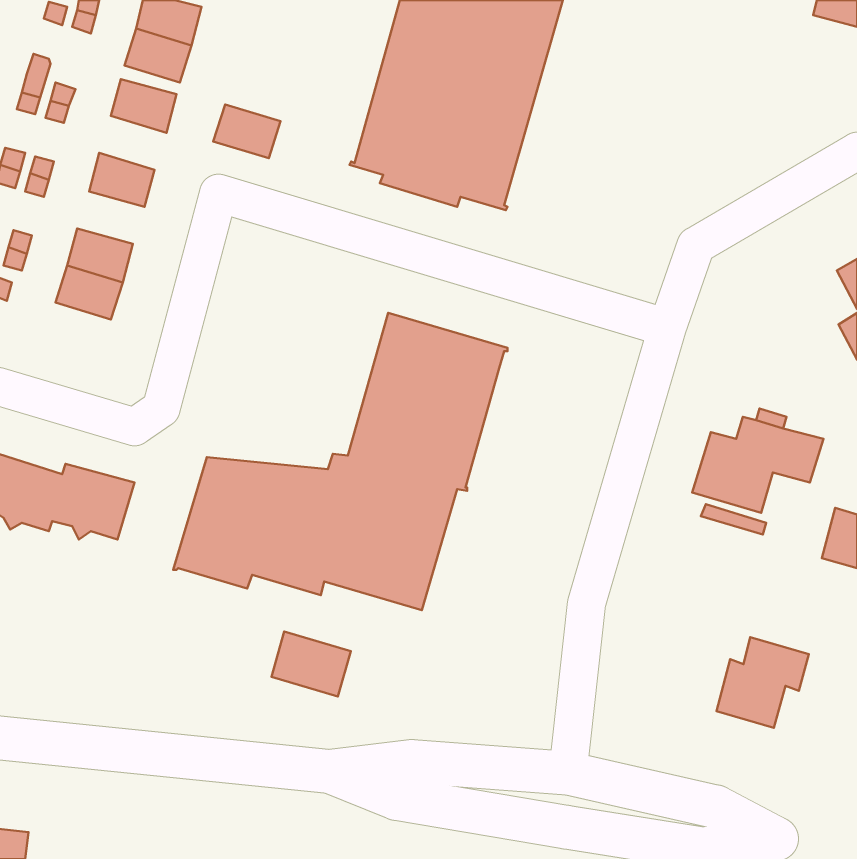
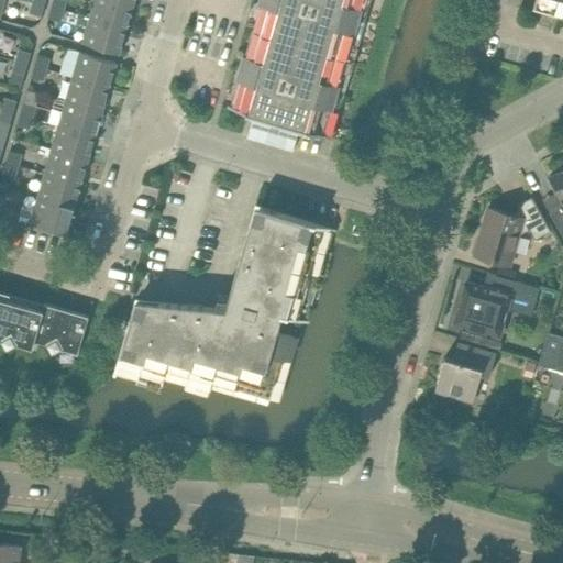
building: [213,104,281,158] -> [65,76,109,111]
building: none -> [51,125,95,159]
building: none -> [473,197,550,265]
building: none -> [30,198,73,233]
building: [271,631,351,697] -> none
building: [717,637,809,728] -> [434,342,495,401]

